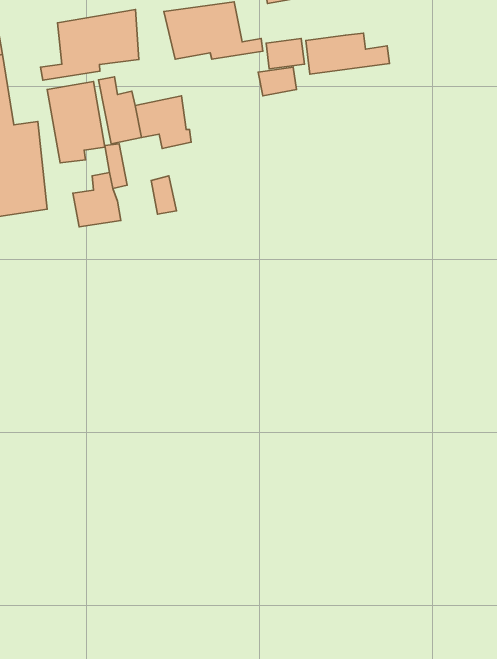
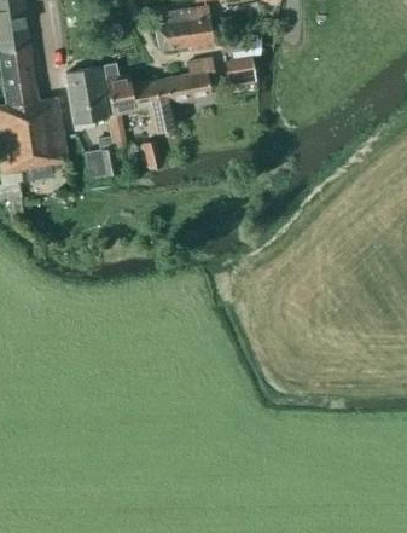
building: [40,9,139,80] -> none
building: [306,33,390,74] -> none
building: none -> [165,57,214,103]

